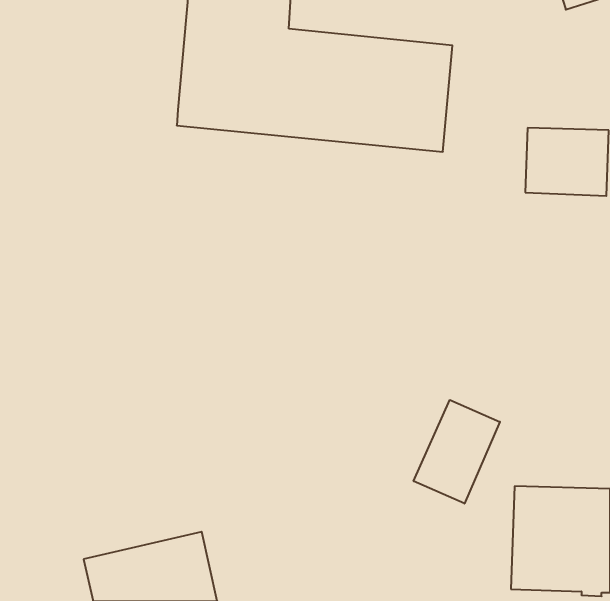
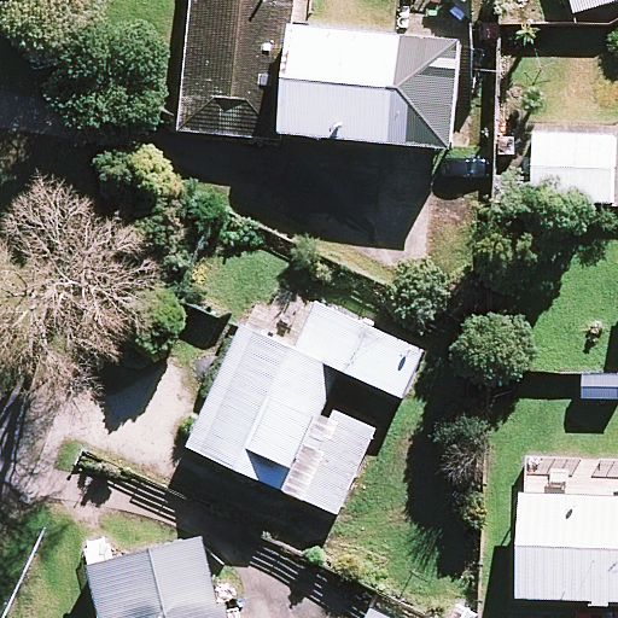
building: none -> [187,301,425,511]
building: [414,400,500,504] -> none

